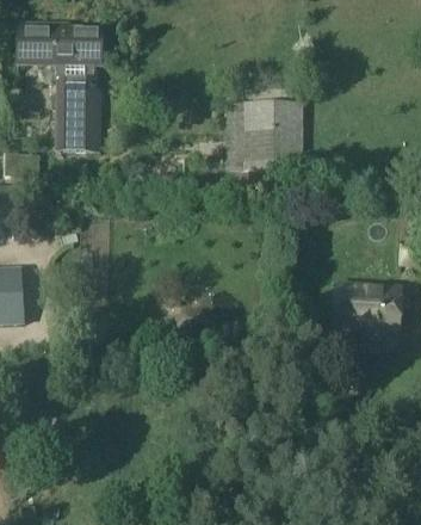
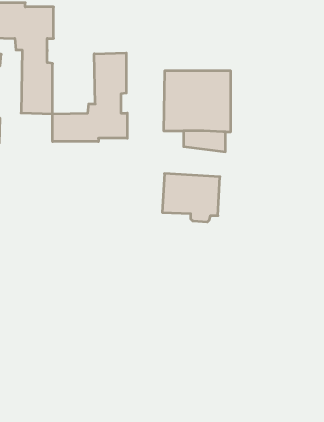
building: none -> [53,53,127,142]
building: [334,282,400,336] -> [162,174,220,222]

